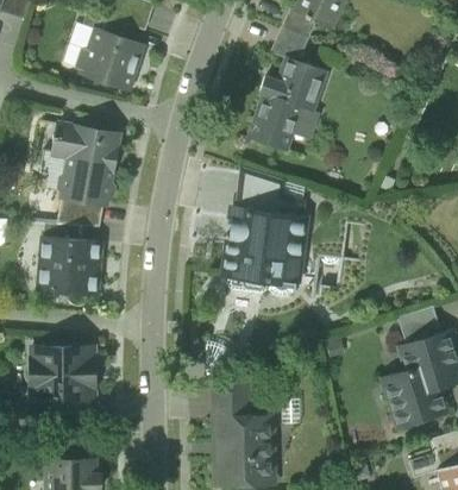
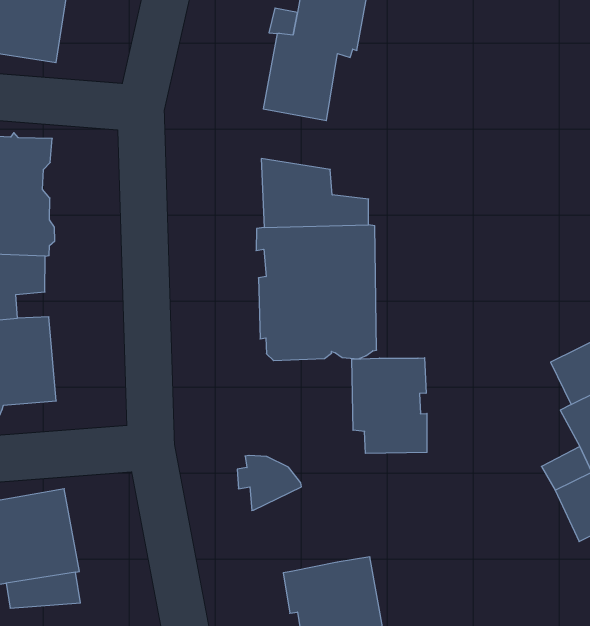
building: none -> [352,358,427,453]
building: [215,378,250,417] -> none

